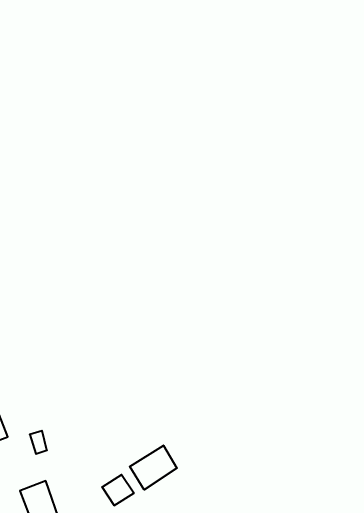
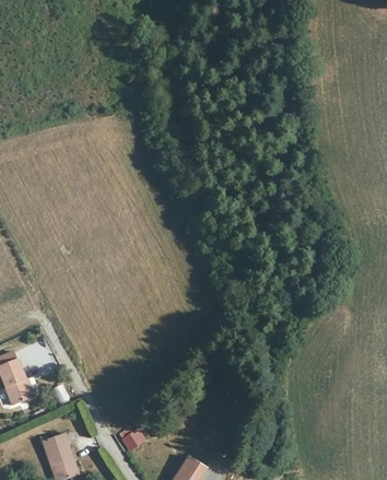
building: [130,445,177,490] -> none

